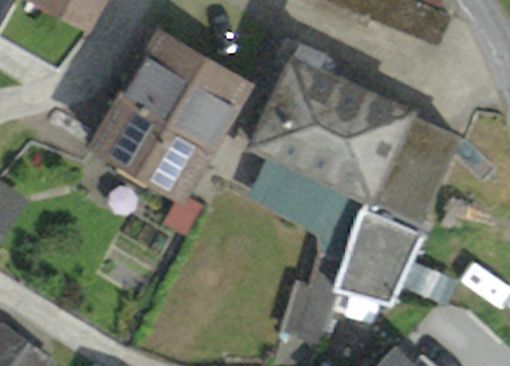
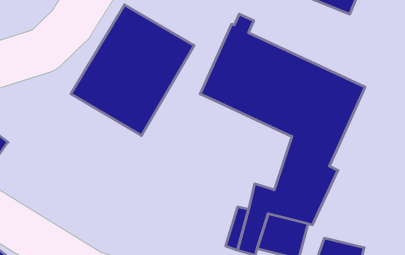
building: [249,149,364,258] -> none

